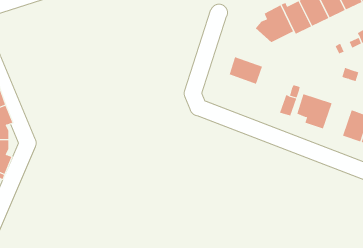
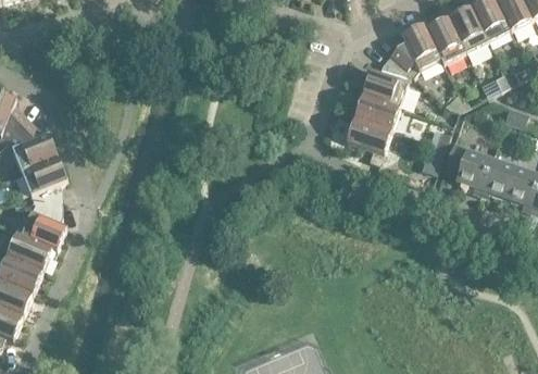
building: none -> [361,54,410,105]
building: none -> [345,116,390,162]
building: none -> [479,154,516,198]

